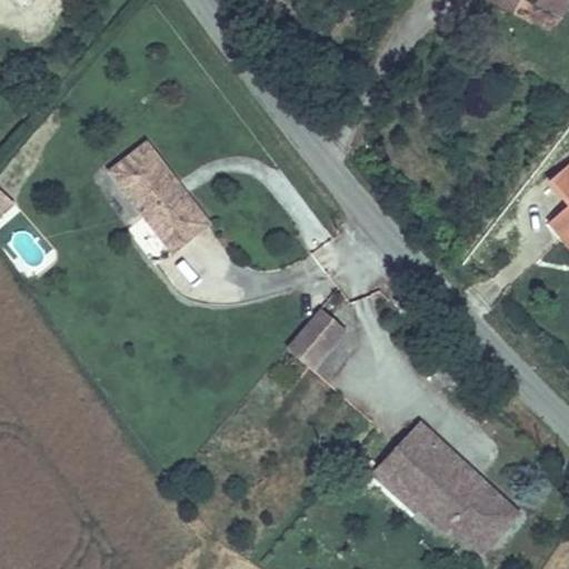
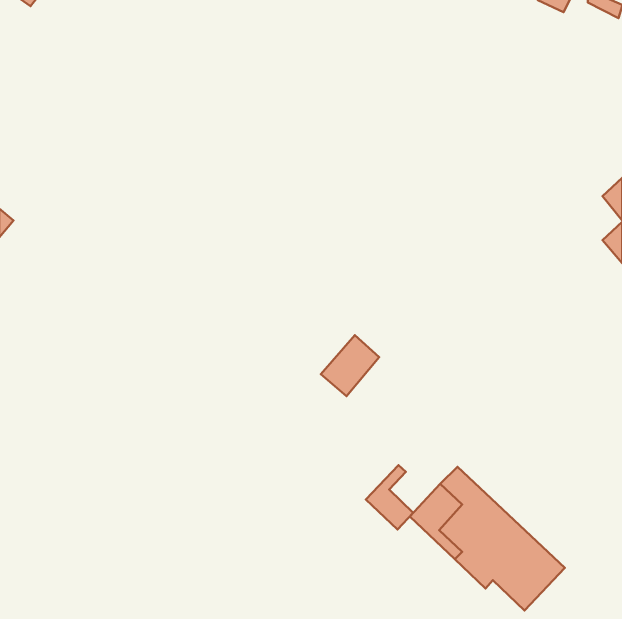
building: [112,139,210,248] -> none
building: none -> [366,465,413,530]

